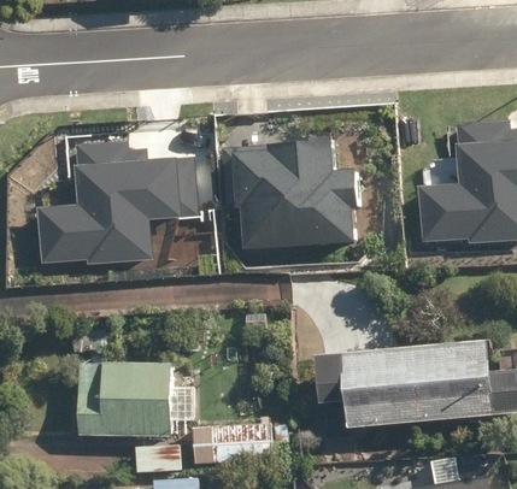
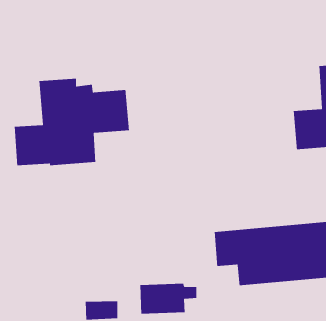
building: [223,142,354,249] -> none
building: [77,359,193,437] -> none

